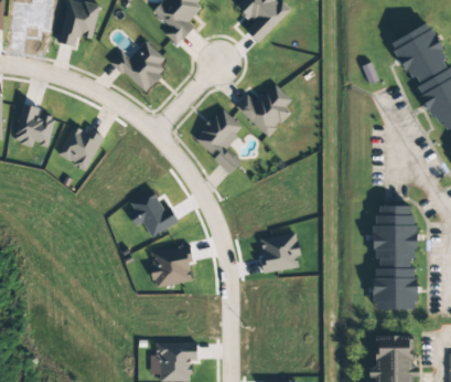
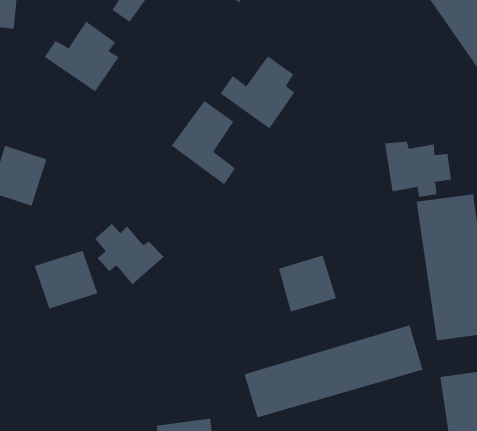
building: none -> [385,141,452,197]
building: [150,246,194,286] -> [34,250,98,309]
building: none -> [244,324,423,418]

